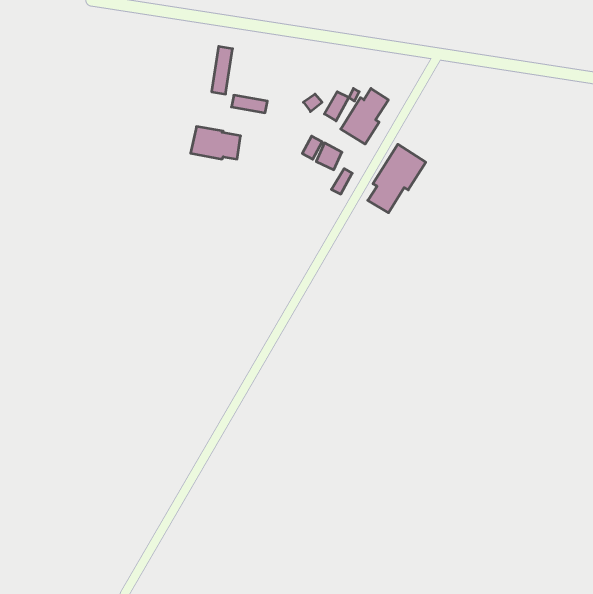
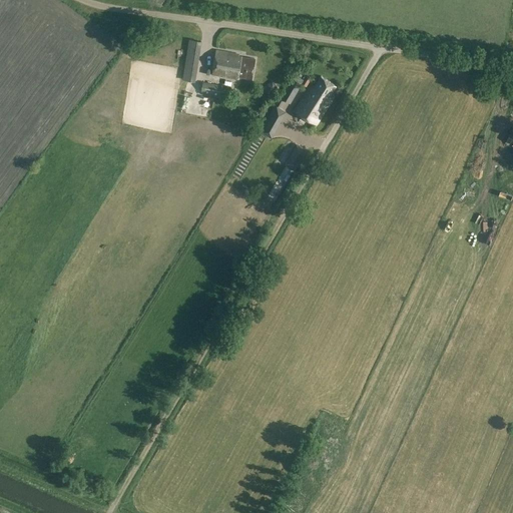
building: [191,127,241,159] -> [210,51,253,79]
building: [368,144,426,213] -> none

